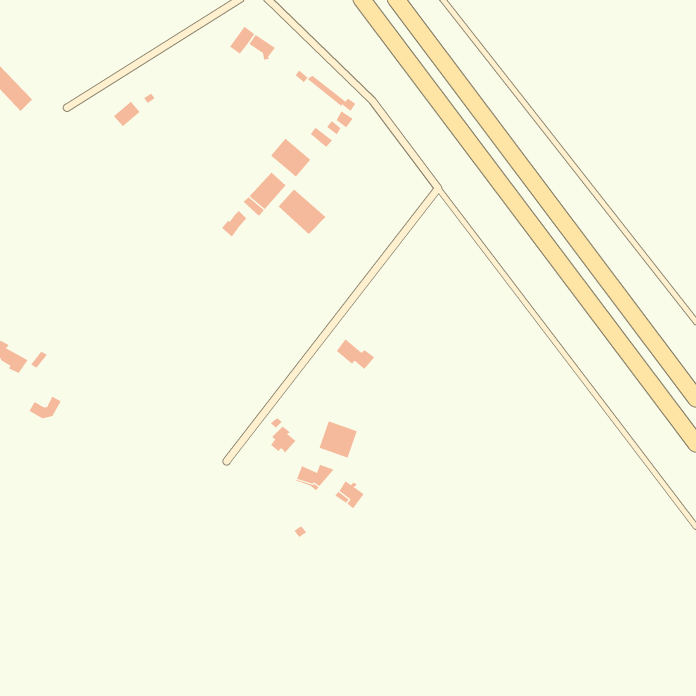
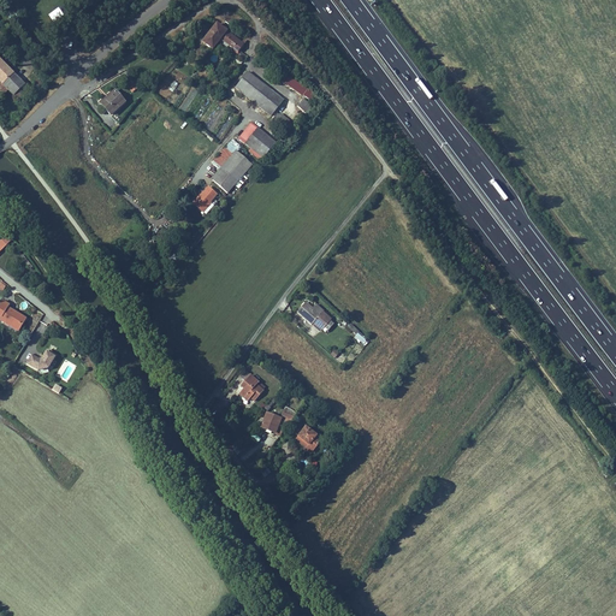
building: none -> [235,70,283,113]
building: [278,189,327,235] -> none
building: [319,421,357,458] -> none

